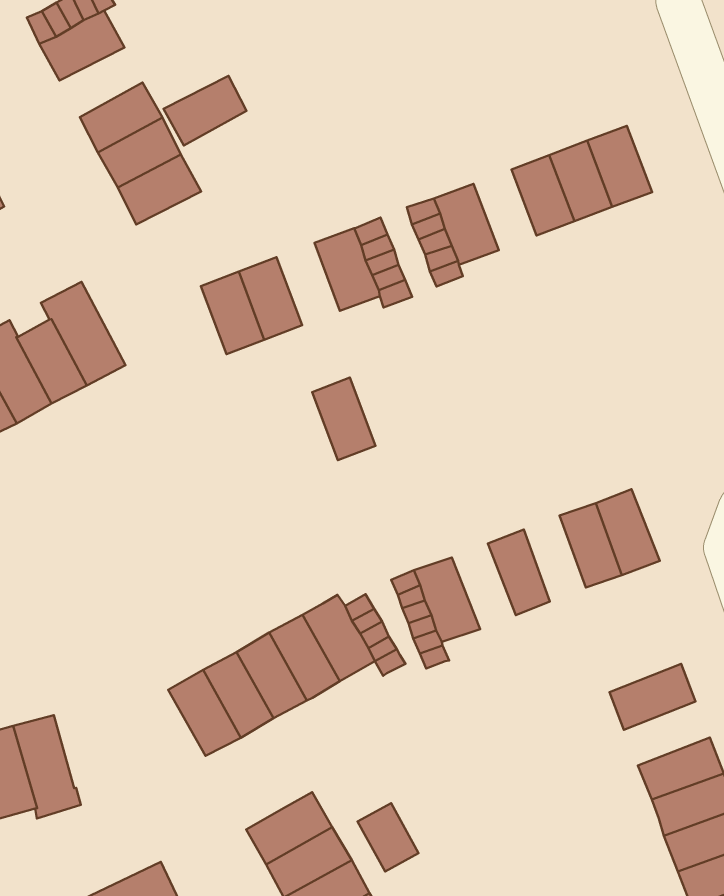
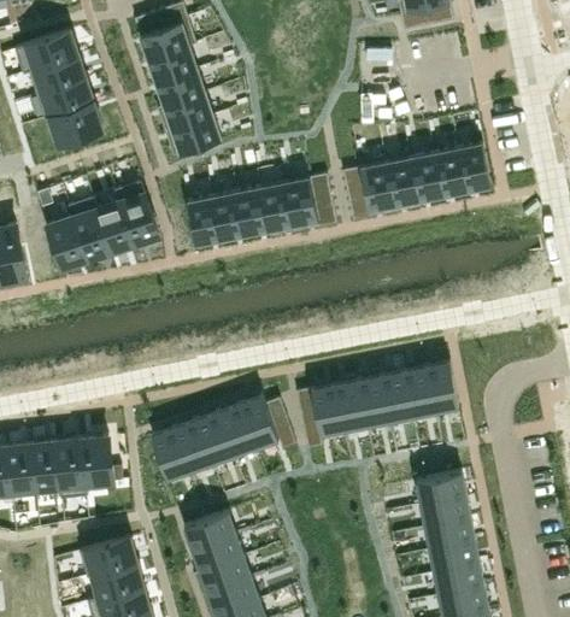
building: [164,76,246,146] -> [148,47,198,84]
building: none -> [386,159,418,206]
building: none -> [187,198,221,246]
building: [312,378,376,460] -> [260,183,293,231]
building: none -> [381,371,412,422]
building: none -> [335,381,368,431]
building: none -> [81,436,123,486]
building: none -> [421,496,471,529]
building: [358,803,419,871] -> none

